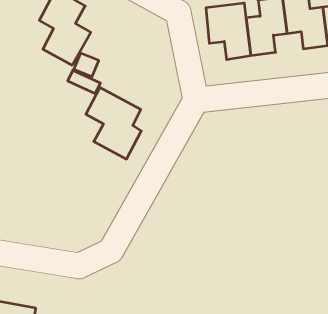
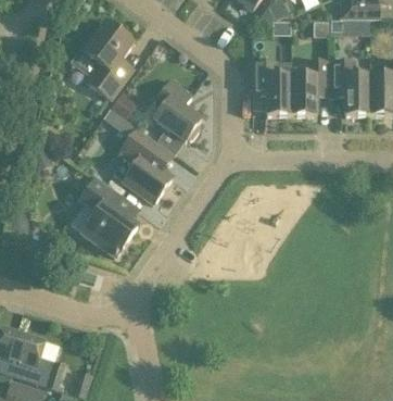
building: none -> [153,78,201,140]
building: none -> [77,177,138,255]

